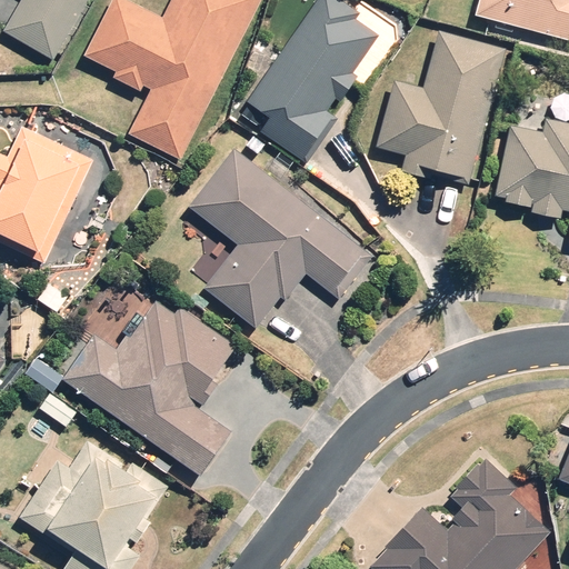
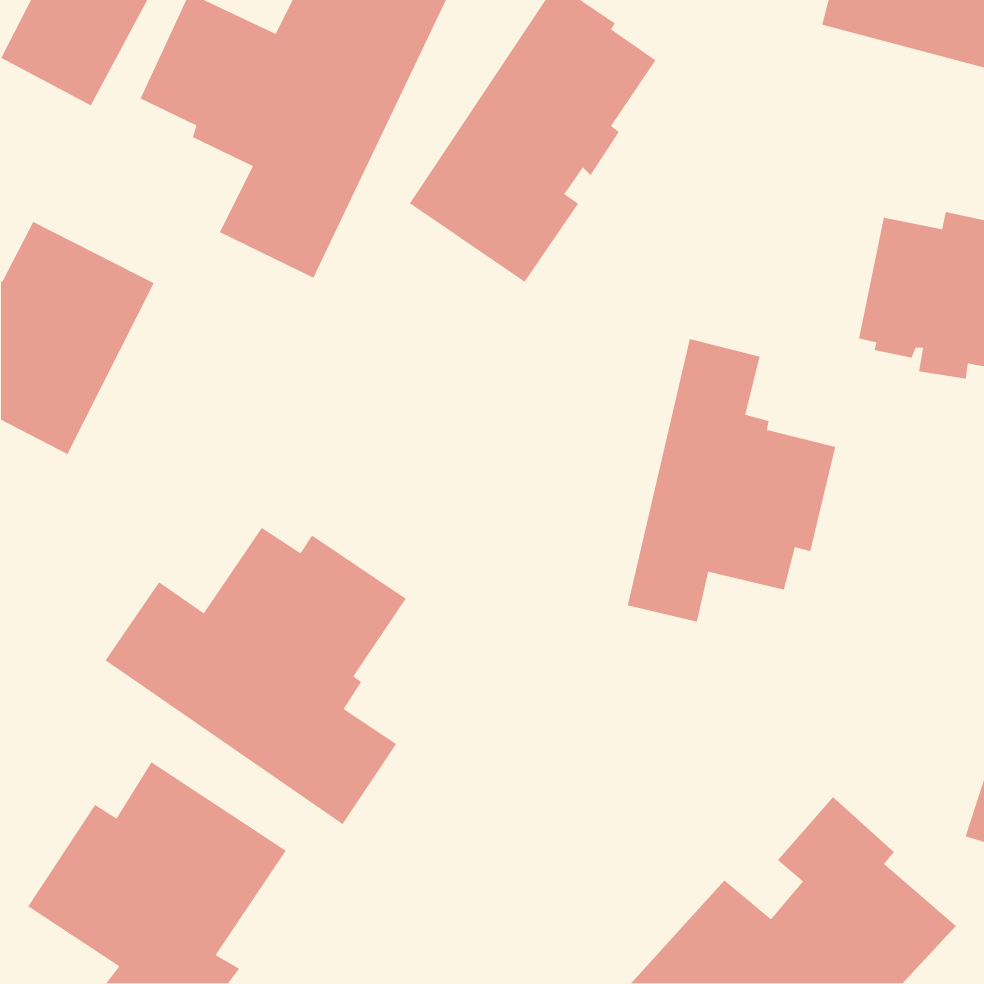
building: [378,32,503,183] -> none
building: [189,149,371,328] -> none
building: none -> [627,338,836,623]

